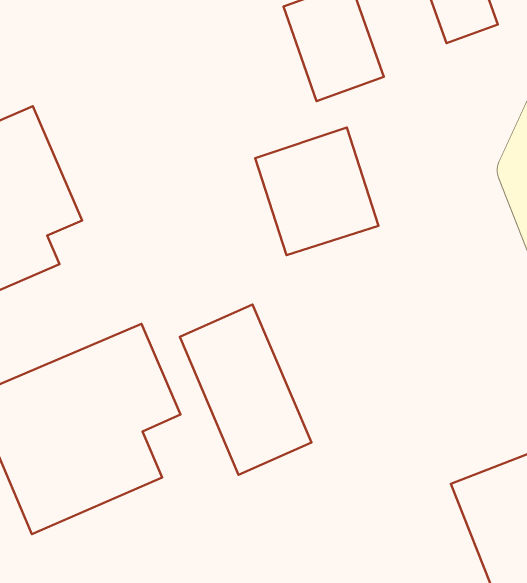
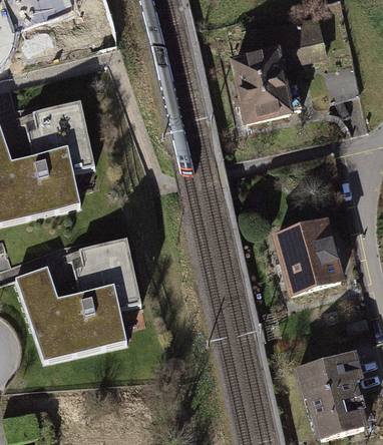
building: [255,127,379,255] -> [275,219,343,291]
building: [180,305,311,475] -> none

